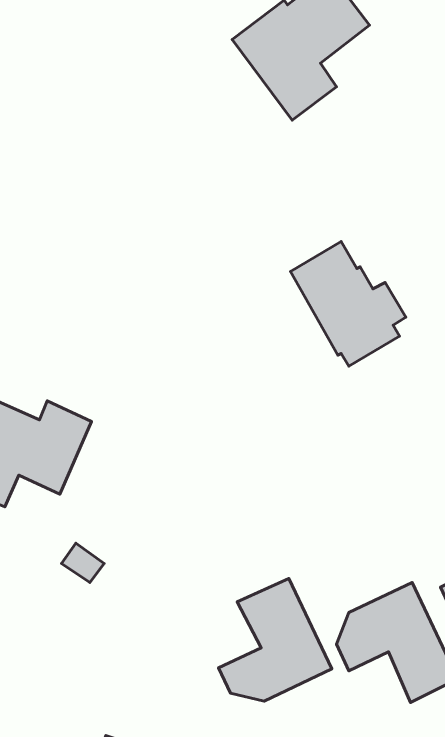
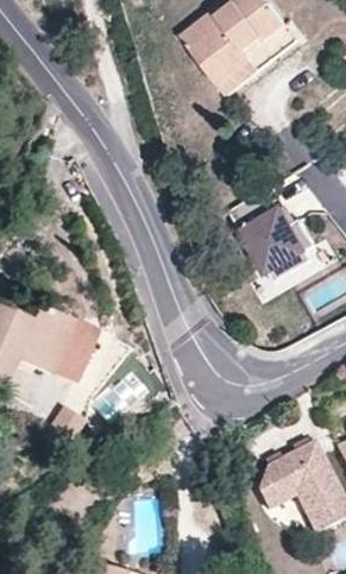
building: none -> [52,320,100,385]
building: [219,578,332,701] -> none

